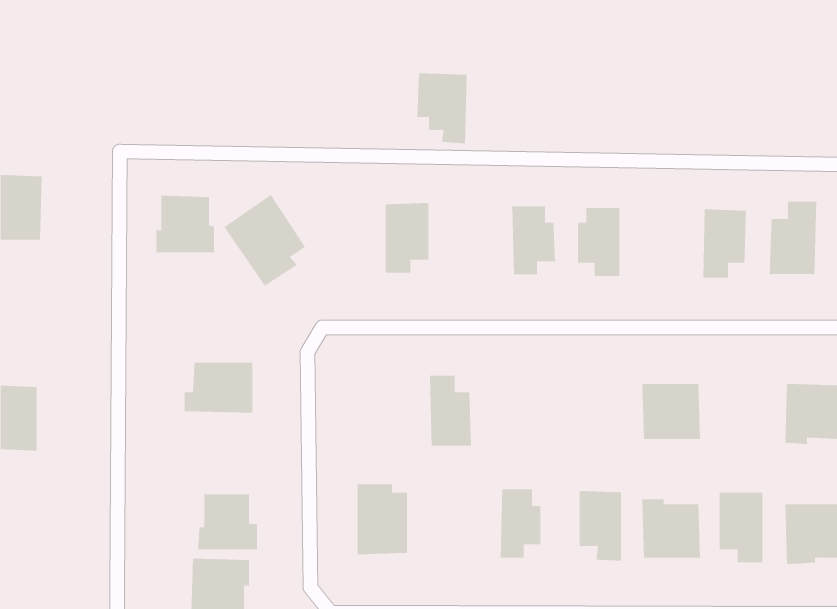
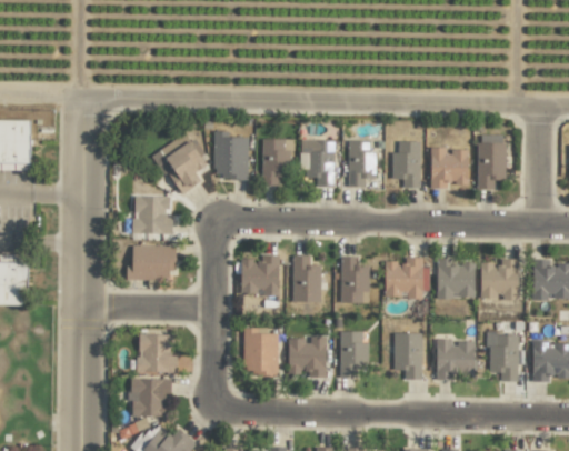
building: [417,73,468,144] -> [300,139,335,187]
building: none -> [213,131,249,178]
building: [155,195,215,253] -> [132,194,172,233]
building: [769,201,817,275] -> none
building: none -> [430,148,468,188]
building: none -> [241,254,279,297]
building: none -> [340,255,369,303]
building: none -> [385,258,429,298]
building: none -> [480,259,519,300]
building: none -> [288,337,326,378]

